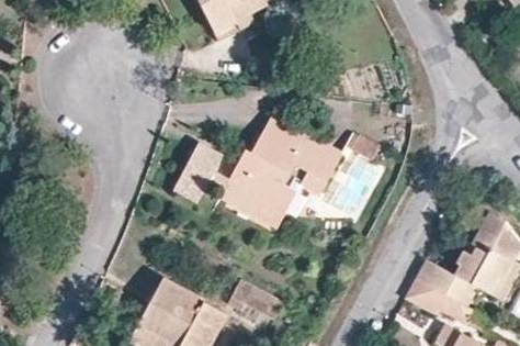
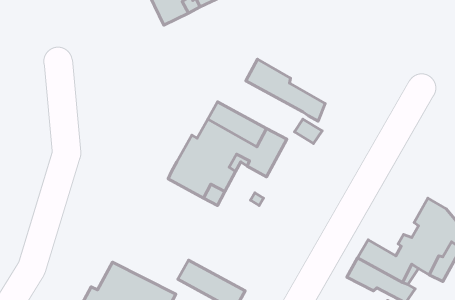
building: none -> [246,59,325,121]
building: [174,146,228,201] -> none

